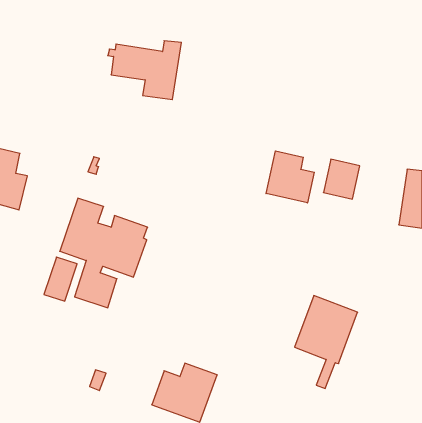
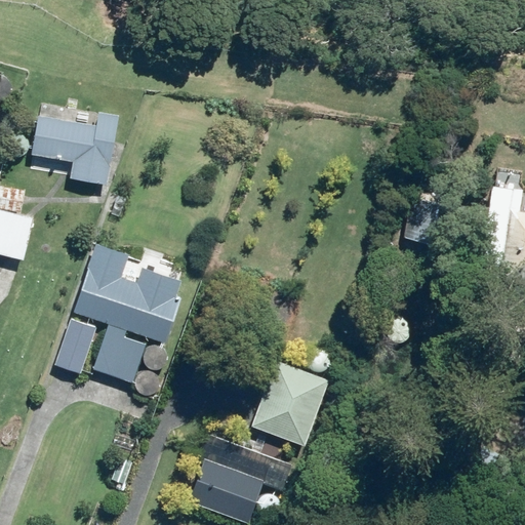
building: [108,41,181,100] -> [28,112,119,185]
building: [266,151,314,203] -> none
building: [295,296,358,388] -> [251,361,329,476]

